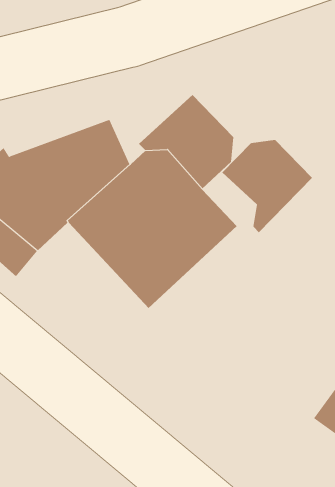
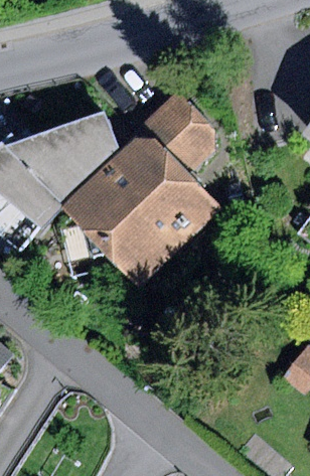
building: [221,139,313,233] -> none

